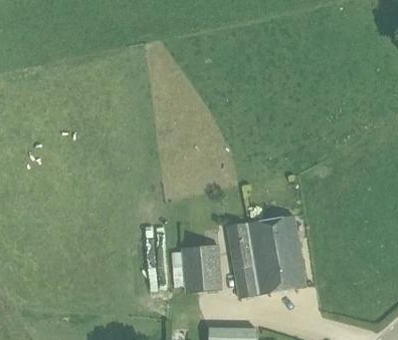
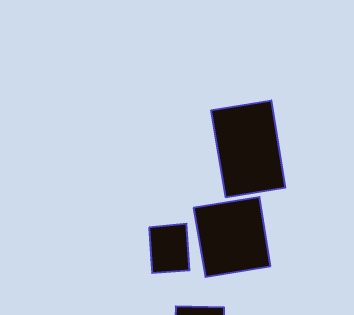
building: none -> [211,100,285,197]

